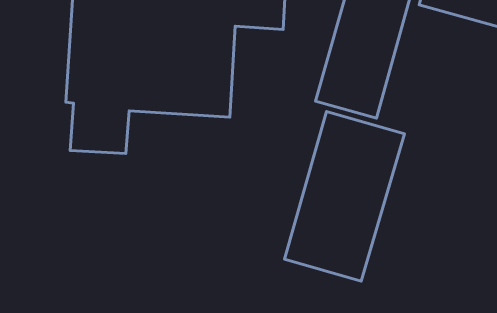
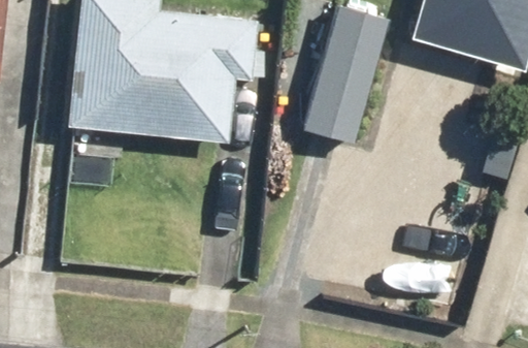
building: [284,111,405,281] -> none

